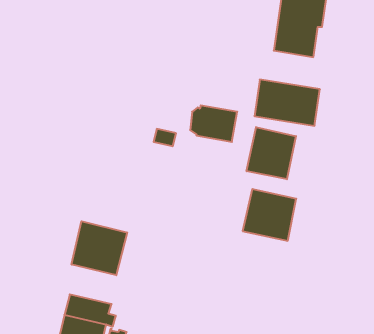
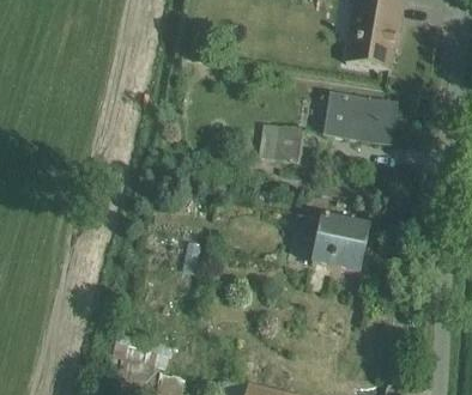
building: [247,127,296,179] -> none
building: [72,221,127,275] -> none

